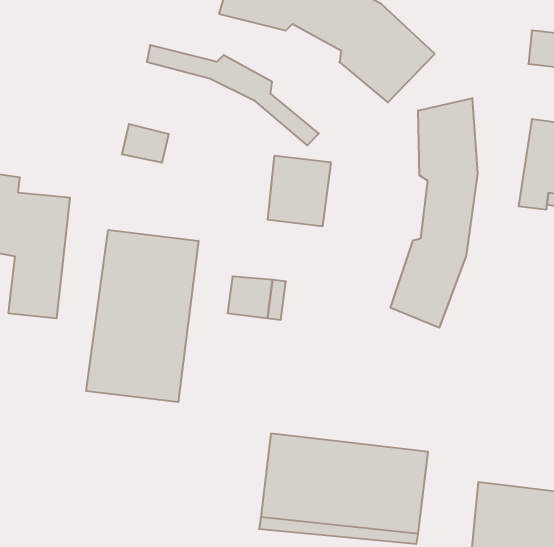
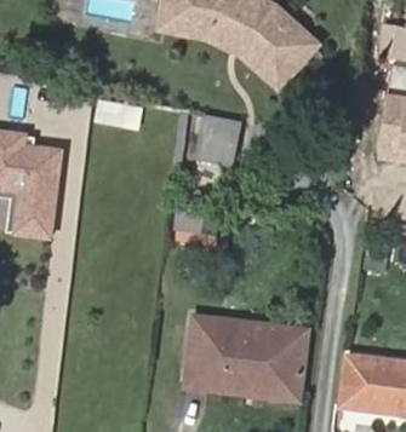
building: [147,45,319,145] -> [159,17,284,90]
building: [391,98,478,328] -> none
building: [86,230,198,402] -> none

